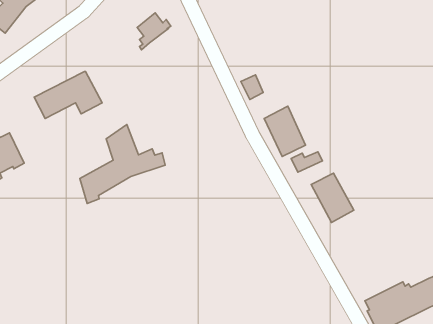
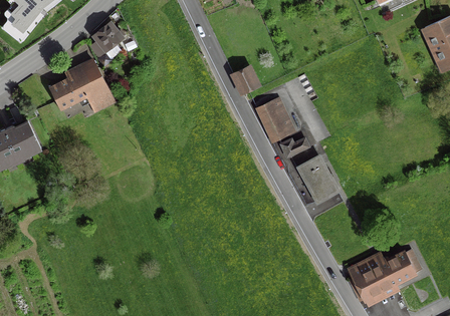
building: [137,13,171,50] -> [93,23,124,56]
building: [80,124,165,203] -> none

